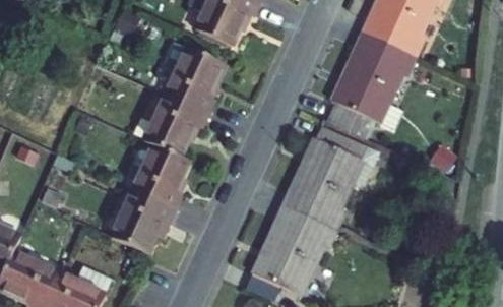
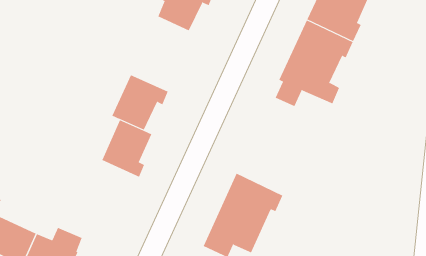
building: [165,42,223,113] -> none
building: [284,125,378,230] -> none
building: [111,190,175,253] -> none

